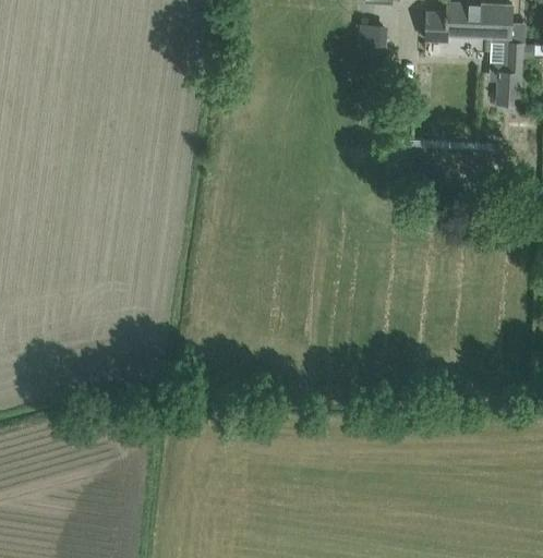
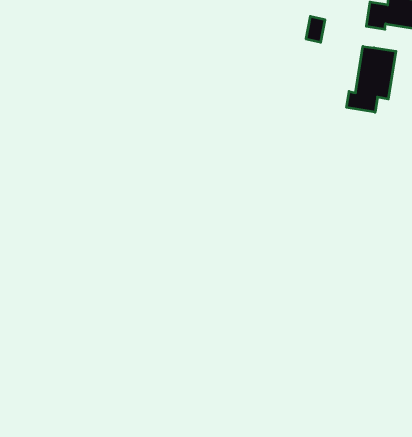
building: none -> [347,46,396,112]

